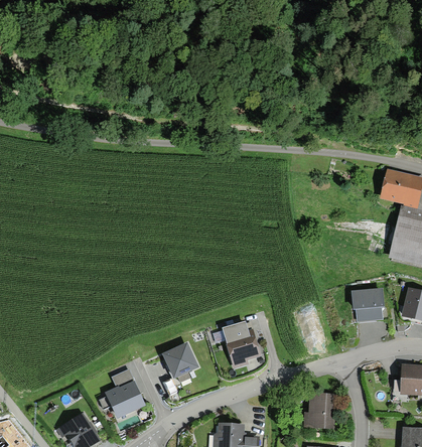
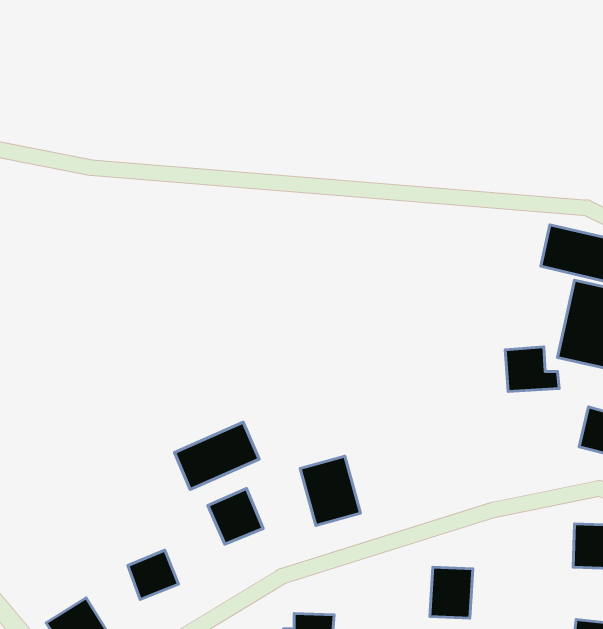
building: [353,291,388,320] -> [505,347,559,392]
building: none -> [174,422,259,489]

